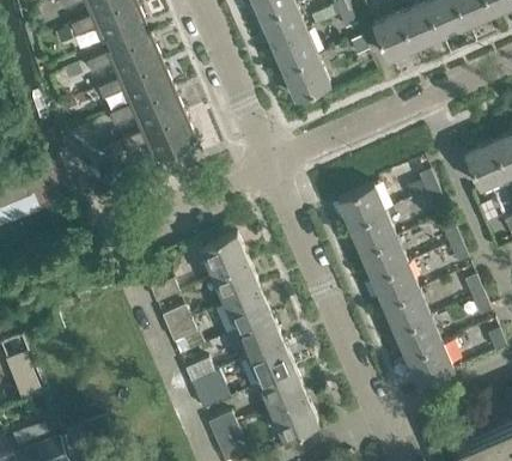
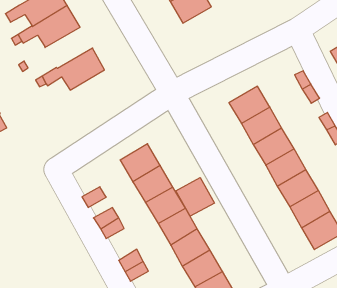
building: [109,89,184,134] -> none
building: none -> [176,178,214,216]

